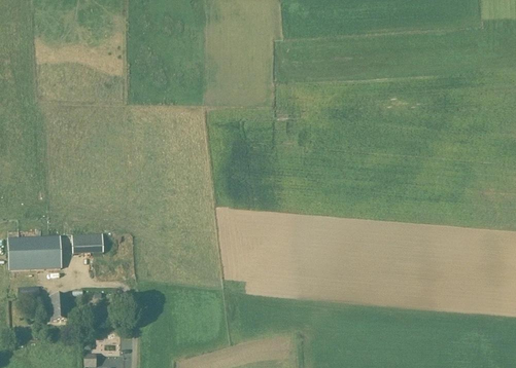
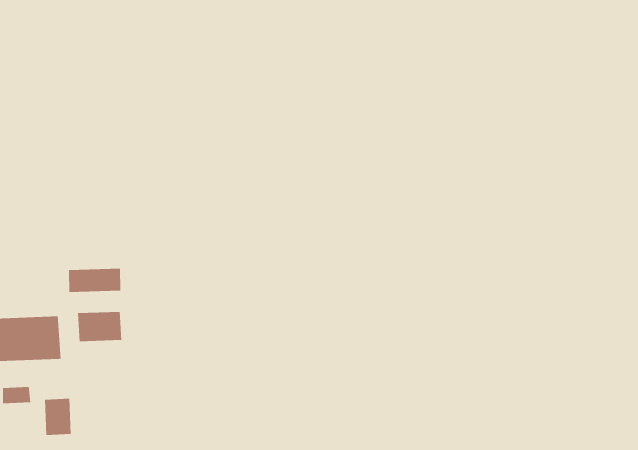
building: none -> [69,268,121,293]

